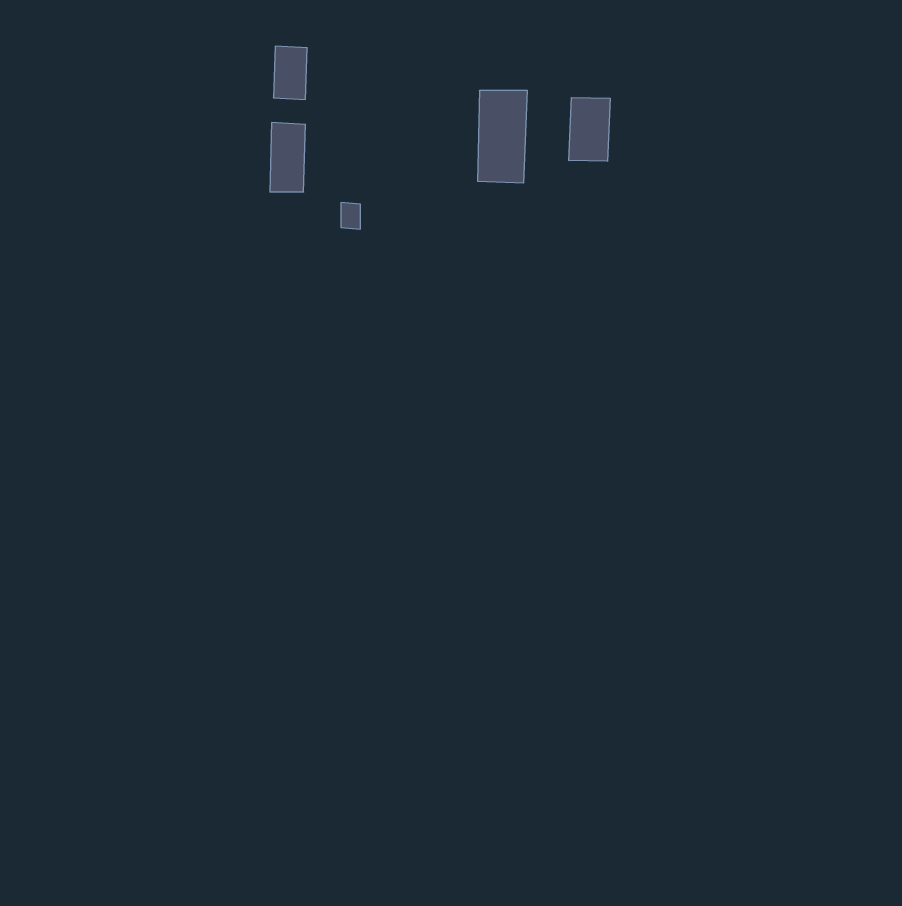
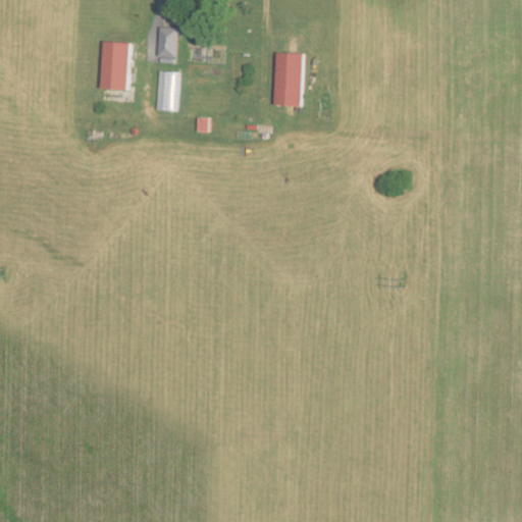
building: none -> [100,42,128,90]
building: [569,98,610,161] -> none

